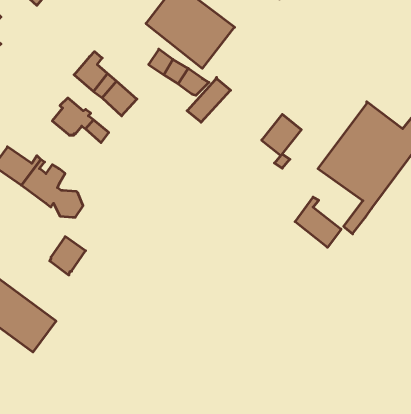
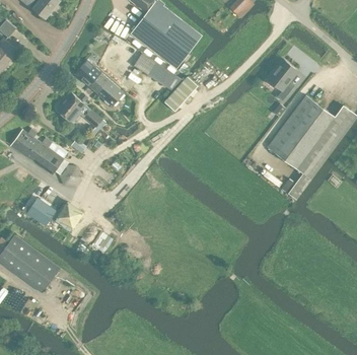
building: [262,114,301,168] -> [266,58,297,100]
building: [295,197,341,247] -> none
building: none -> [22,198,53,225]

